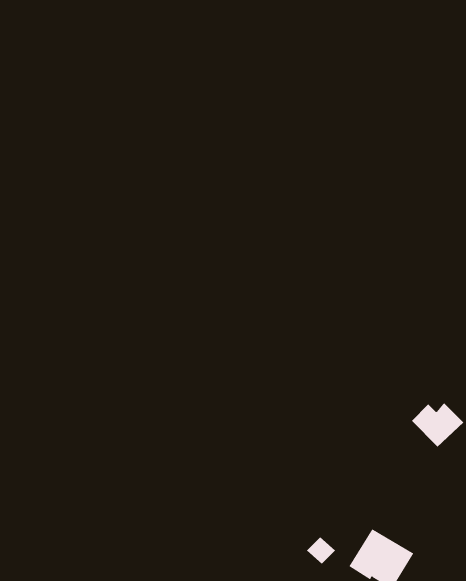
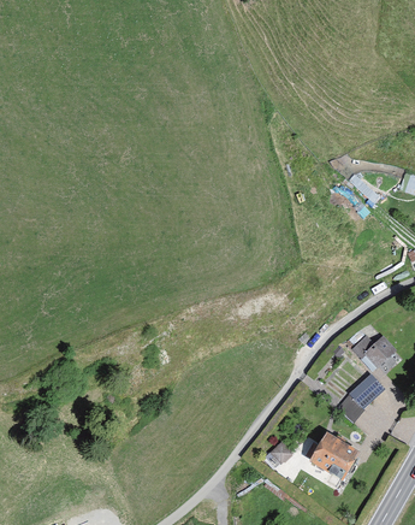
building: none -> [338,373,385,424]

